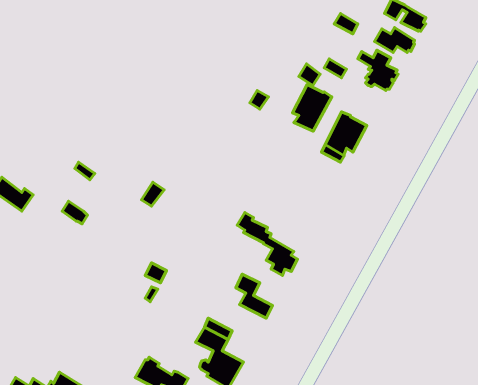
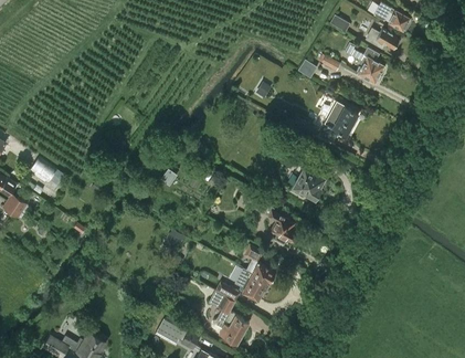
building: [292,84,332,131] -> none
building: none -> [292,165,325,198]
building: none -> [233,267,271,299]

